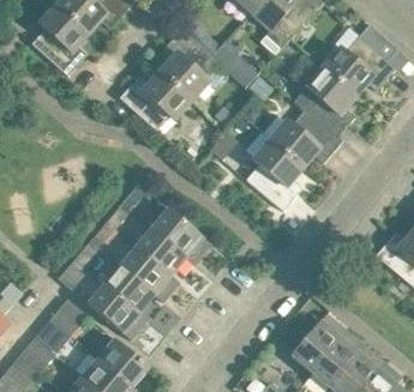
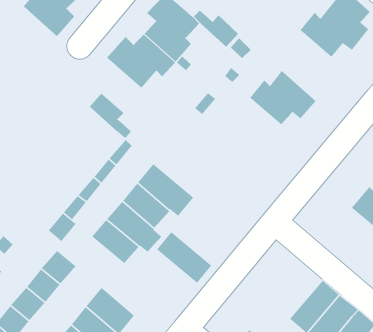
building: [299,68,355,143] -> none
building: none -> [89,93,132,139]
building: [246,139,302,210] -> none
building: [88,284,146,339] -> [156,231,212,284]
building: [292,313,346,370] -> none

